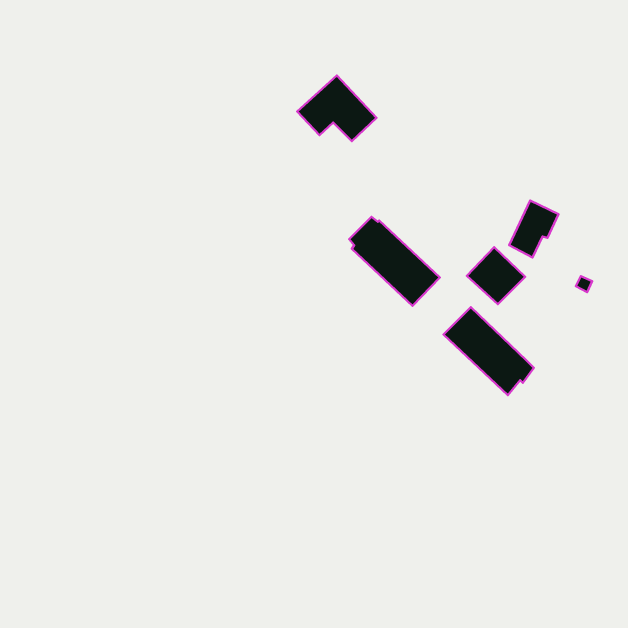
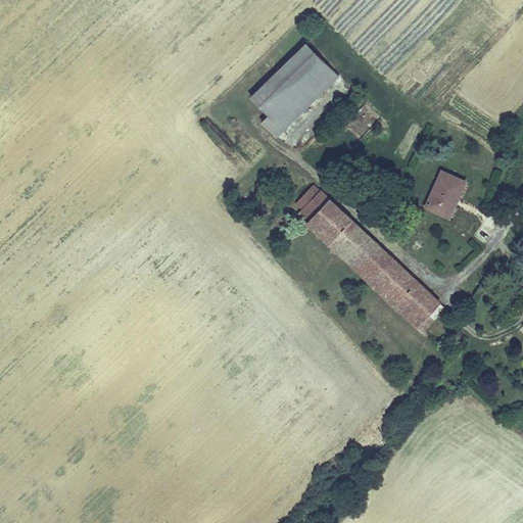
building: none -> [282,44,340,101]
building: none -> [260,105,294,137]
building: [467,247,525,304] -> [344,233,392,280]

